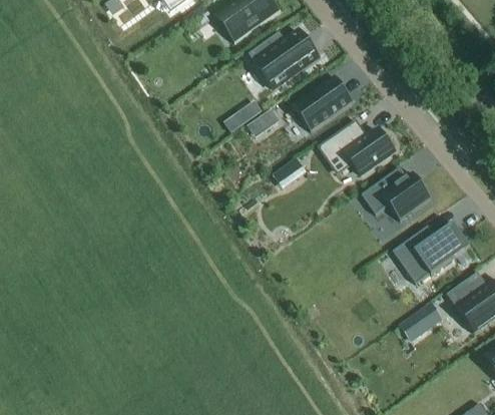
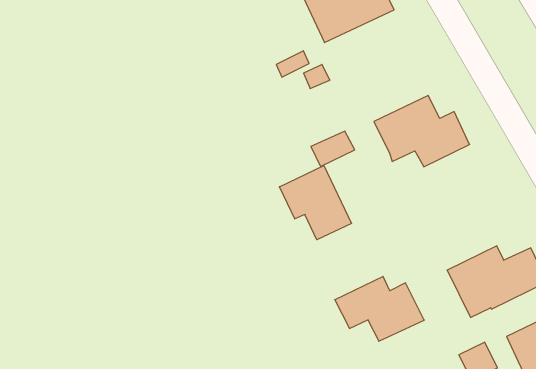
building: [293,74,354,130] -> none
building: [361,169,432,220] -> [335,276,424,341]
building: none -> [279,165,352,240]

